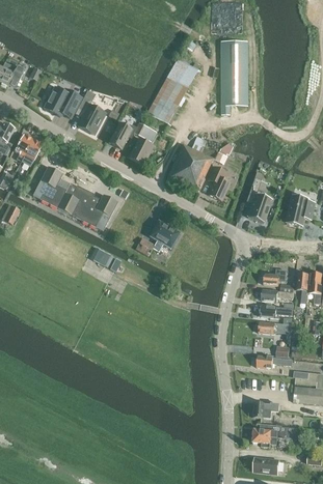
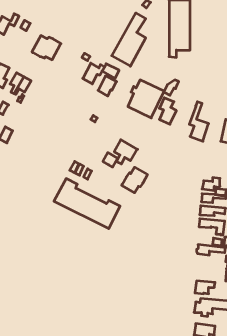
building: [78,89,106,133] -> none
building: [32,166,117,230] -> [54,179,120,229]
building: none -> [122,167,147,193]

